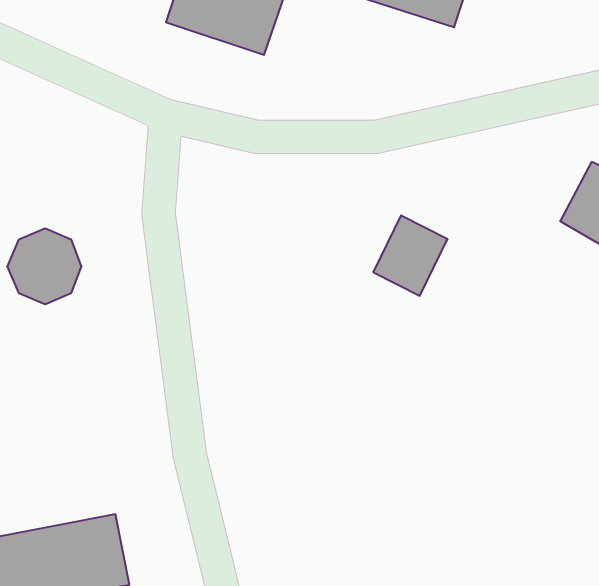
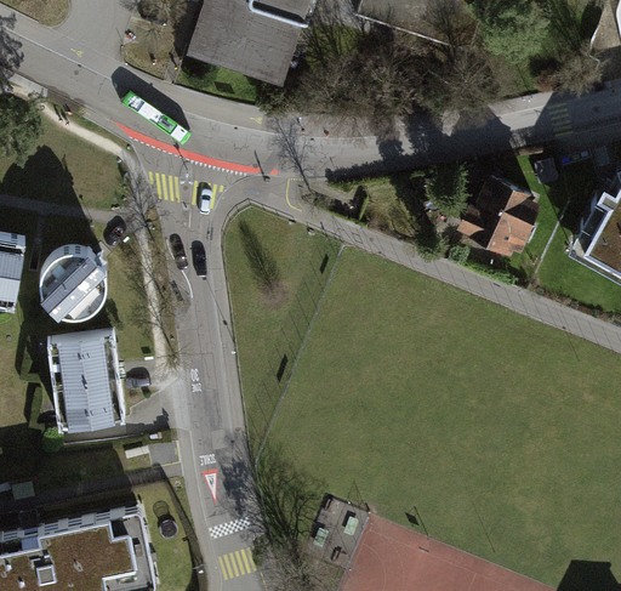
building: [373,215,448,296] -> [462,175,534,252]
building: none -> [46,333,121,427]

